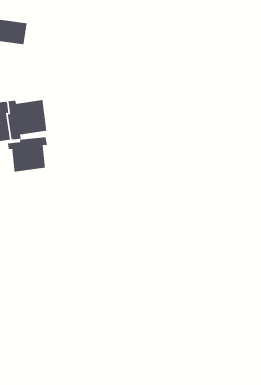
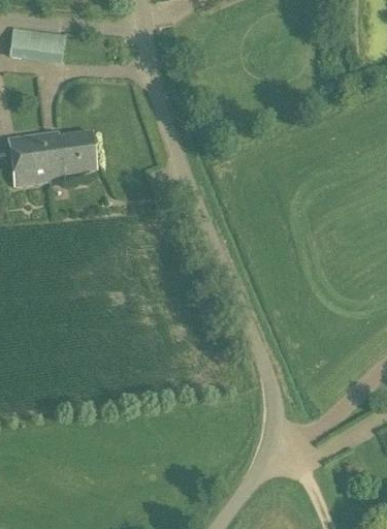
building: [7,136,47,172] -> none

